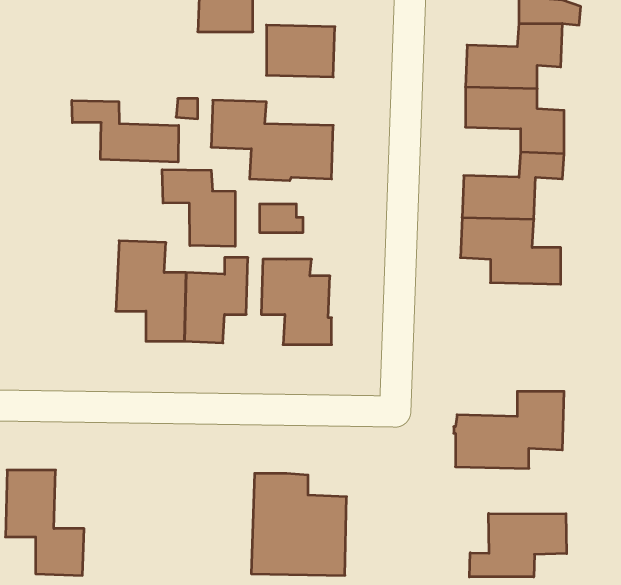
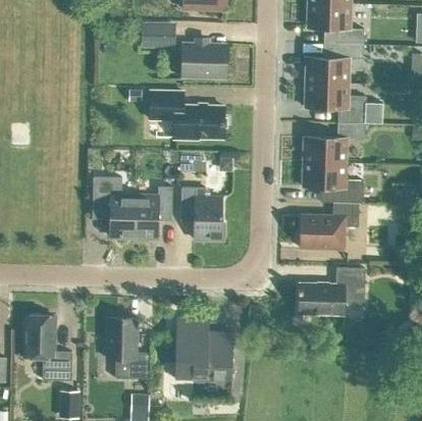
building: [72,100,179,162] -> none
building: [162,170,235,246] -> none
building: none -> [300,203,359,250]
building: none -> [107,318,148,379]
building: [469,513,567,577] -> none

